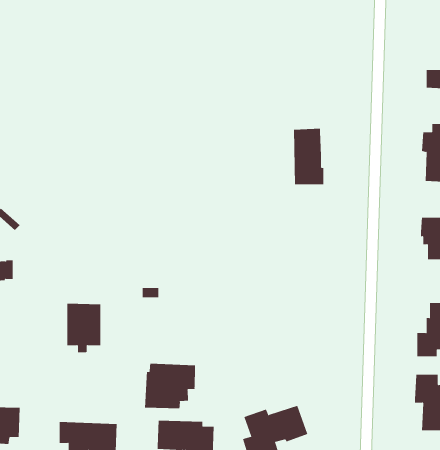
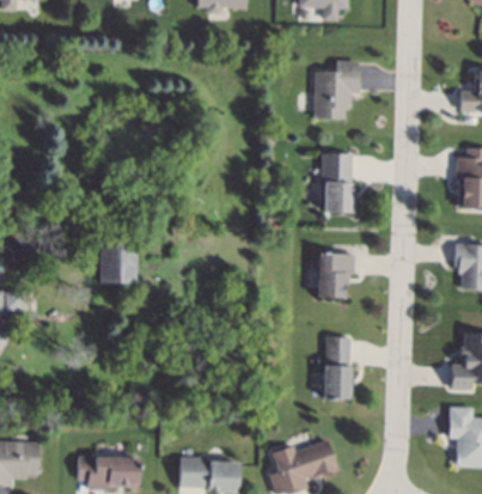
building: none -> [313,60,360,118]
building: none -> [319,254,354,295]
building: [67,303,101,353] -> [98,238,134,289]
building: none -> [324,337,350,397]
building: [145,363,196,409] -> none

